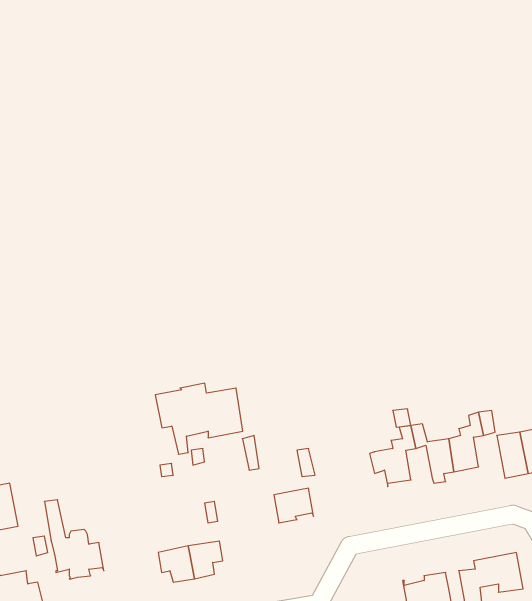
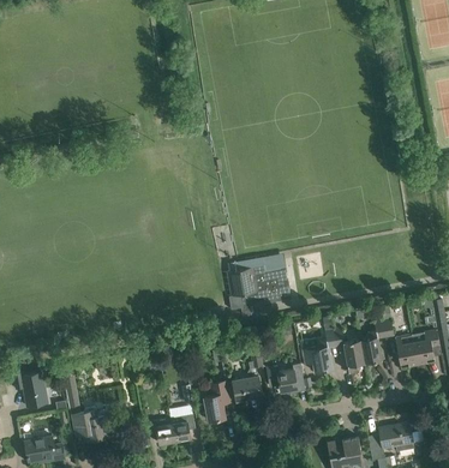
building: [155,383,243,454] -> [227,264,291,316]
building: none -> [267,364,305,391]
building: none -> [204,380,231,421]

